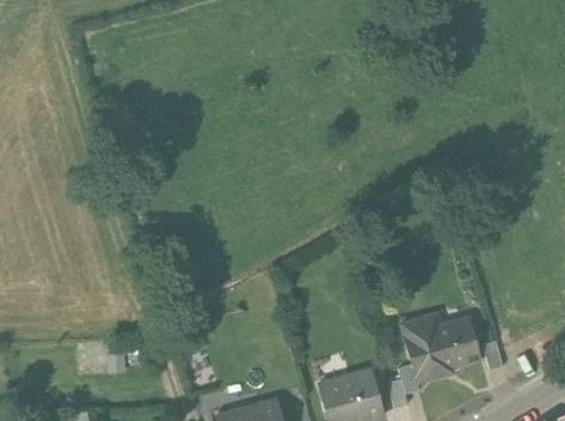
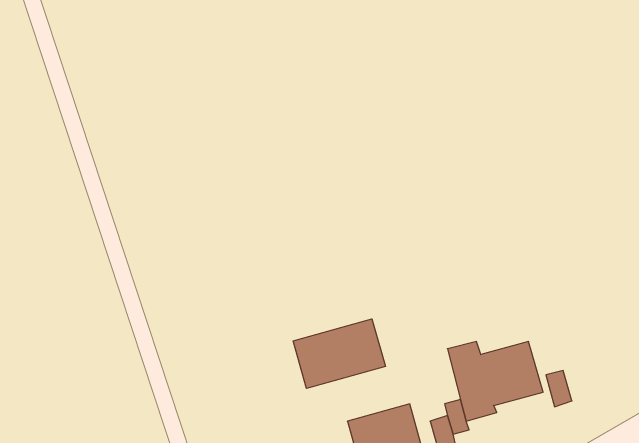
building: none -> [293,319,385,388]

